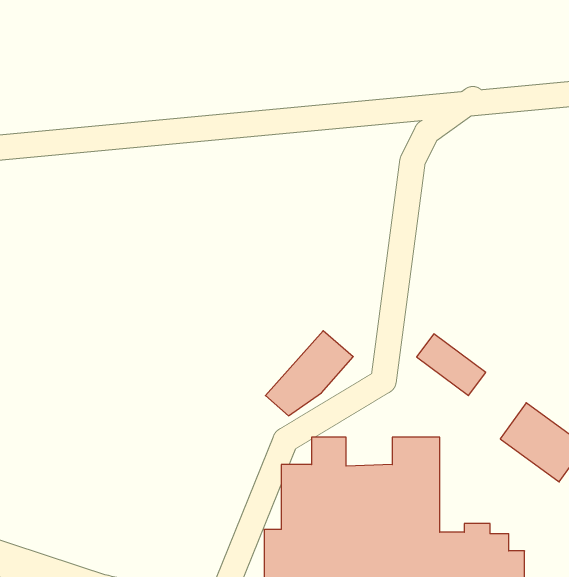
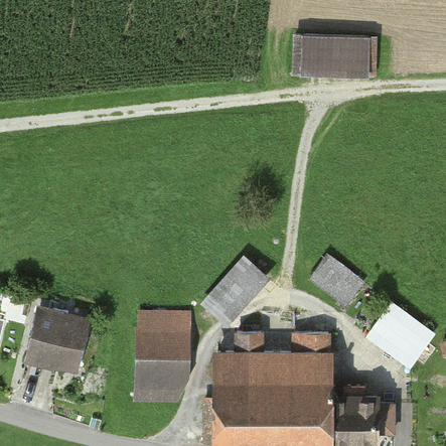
building: none -> [295,37,376,78]
building: none -> [29,309,90,364]
building: none -> [137,315,188,404]

